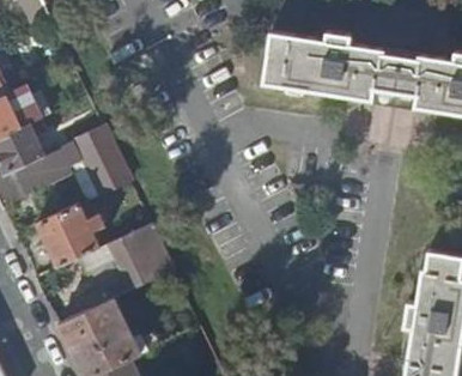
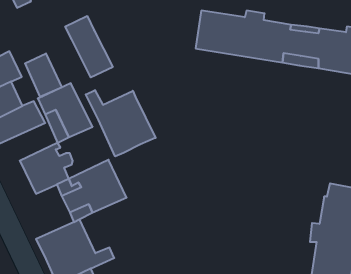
building: none -> [65,16,113,77]
building: none -> [25,53,62,97]
building: none -> [86,90,156,156]

